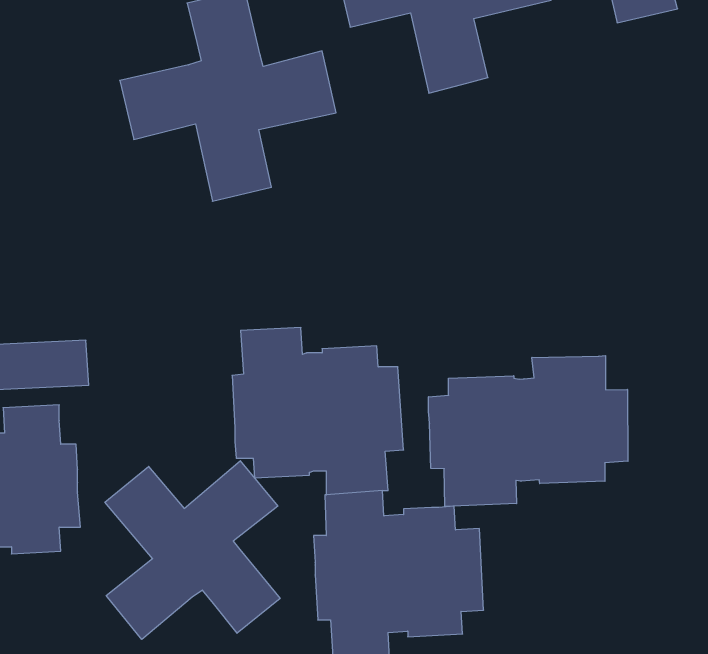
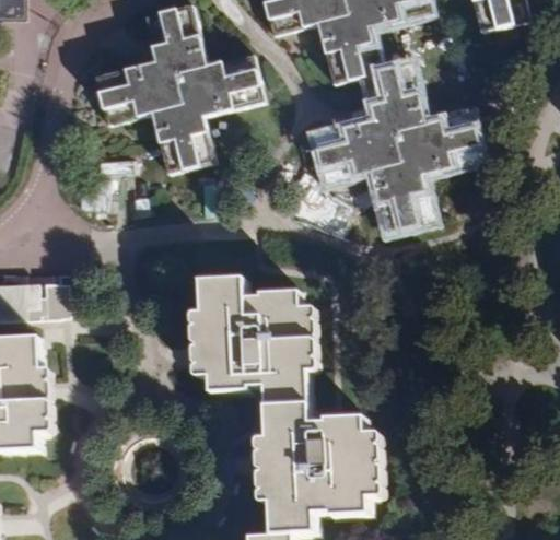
building: none -> [318,68,491,231]
building: [428,356,628,506] -> none
building: [105,461,280,639] -> none

